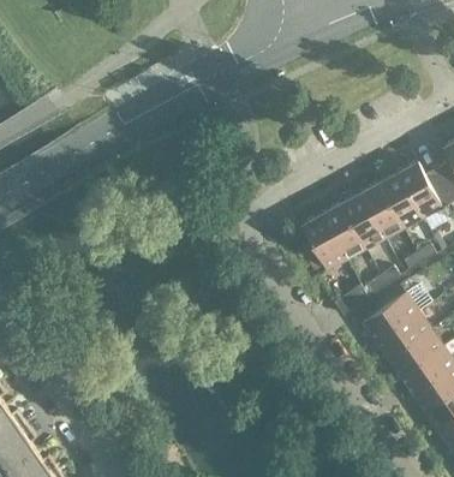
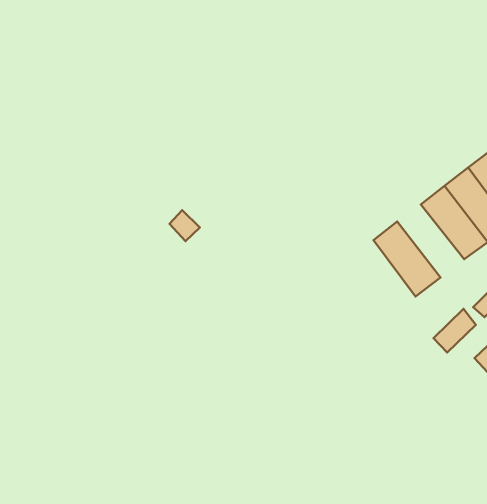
building: [321,204,365,260] -> none

